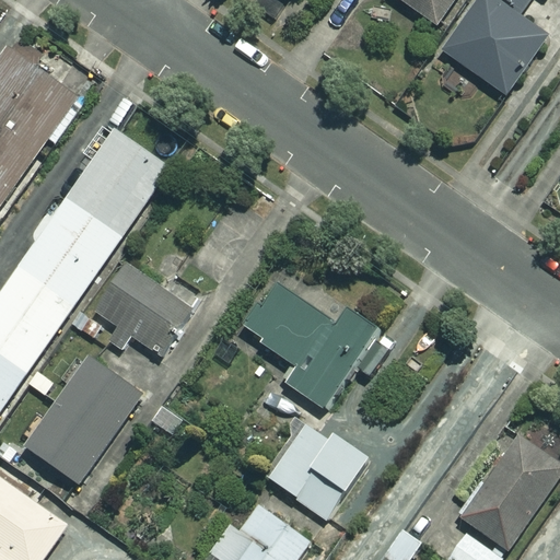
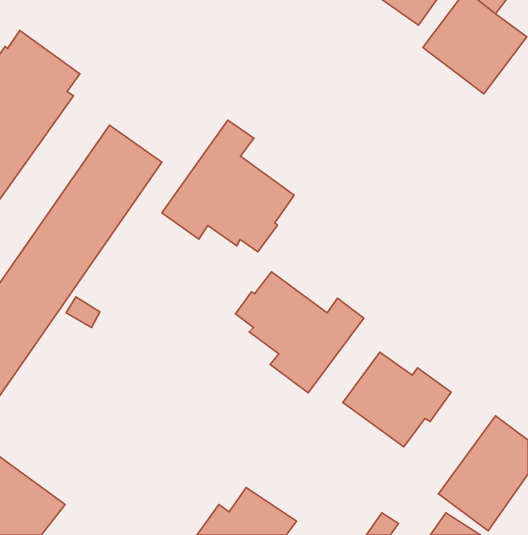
building: none -> [162,120,294,252]
building: [96,265,188,353] -> none
building: [26,355,140,481] -> none
building: [261,421,374,520] -> [343,352,451,447]

